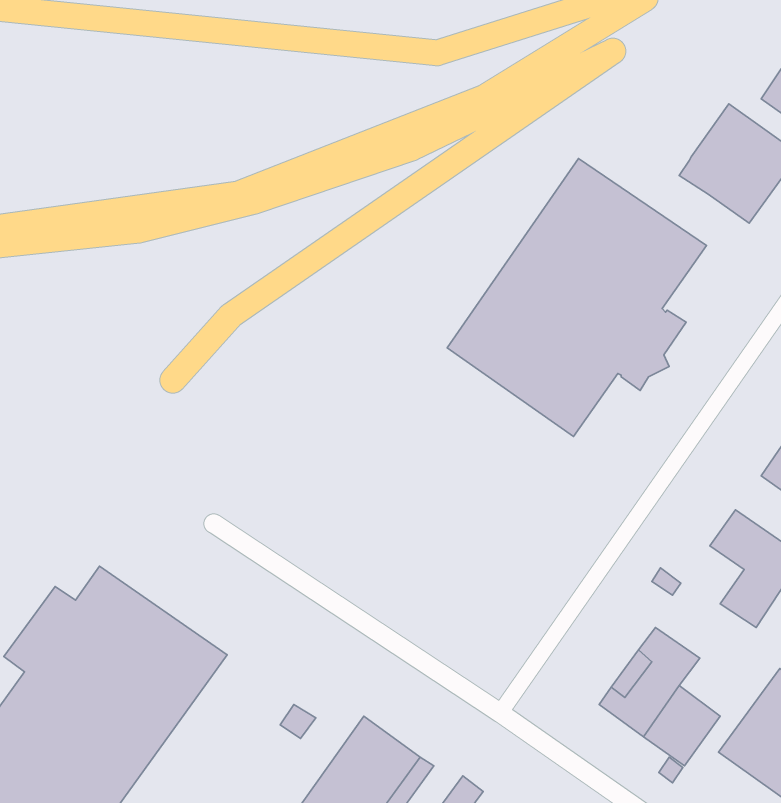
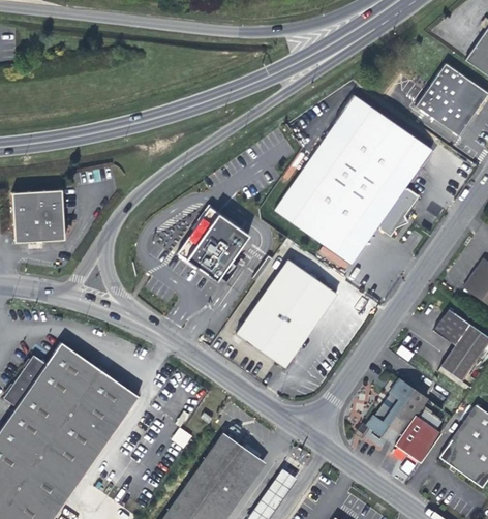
building: none -> [12,189,64,242]
building: none -> [179,209,250,281]
building: none -> [236,260,337,369]

